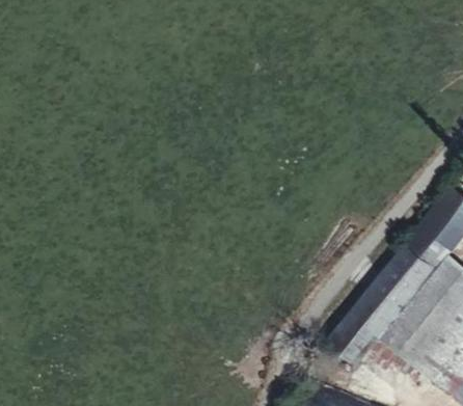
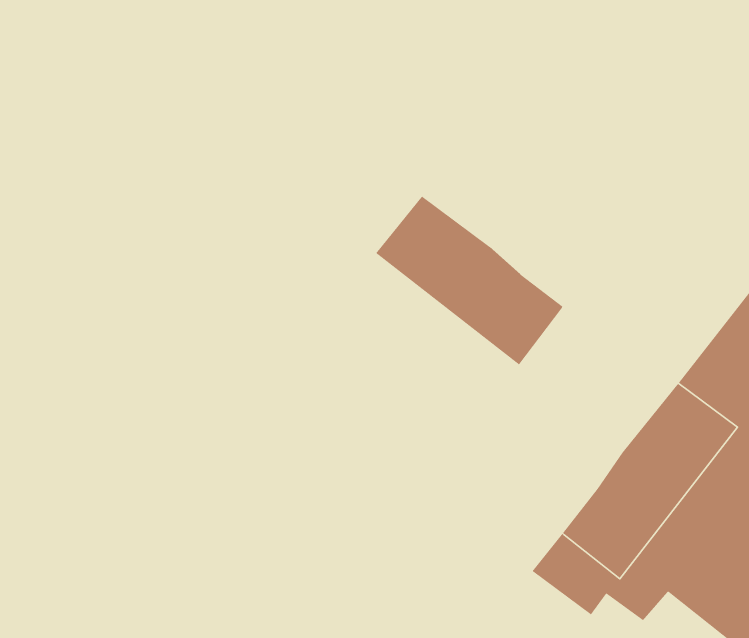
building: none -> [375,196,564,366]

